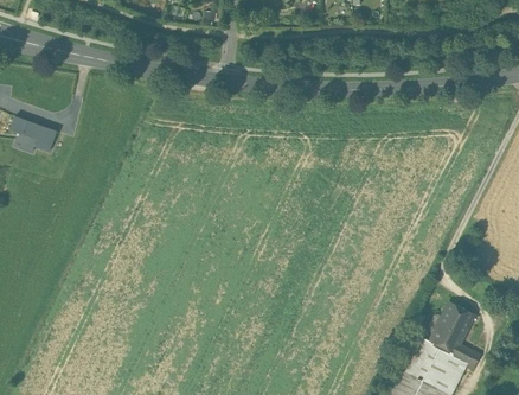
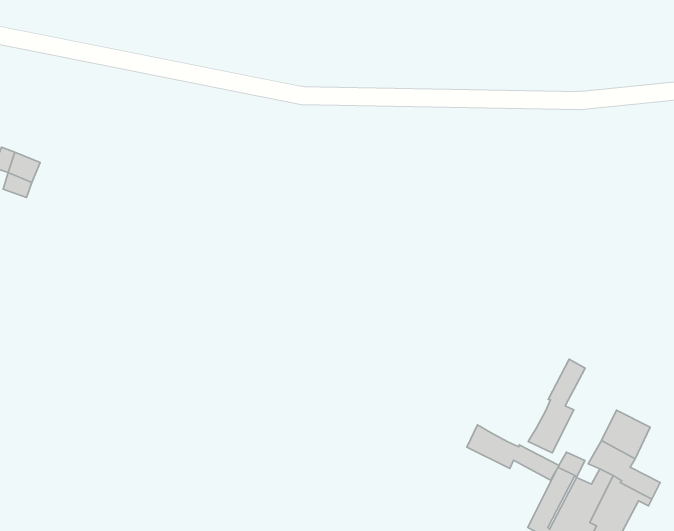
building: none -> [528,359,585,453]
building: none -> [467,425,559,480]

